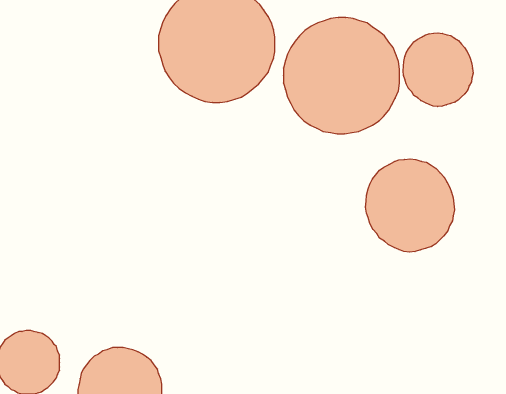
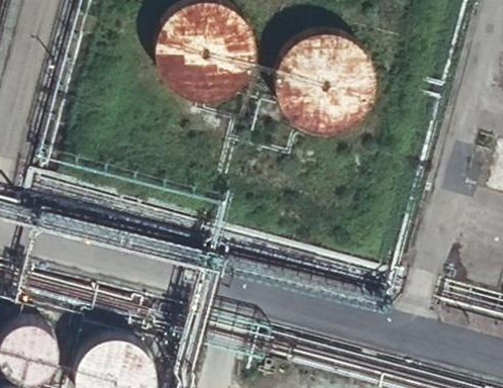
building: [403,33,473,107] -> none
building: [366,159,455,252] -> none

